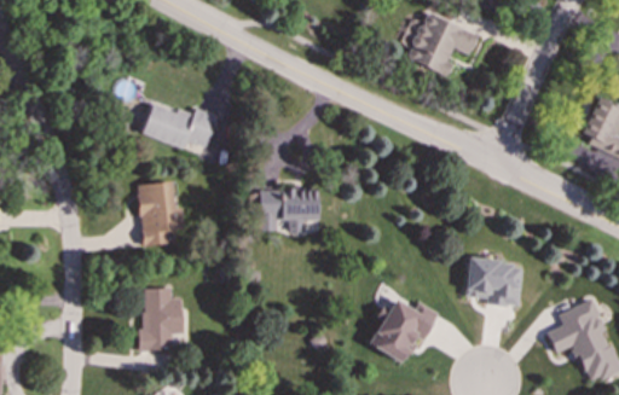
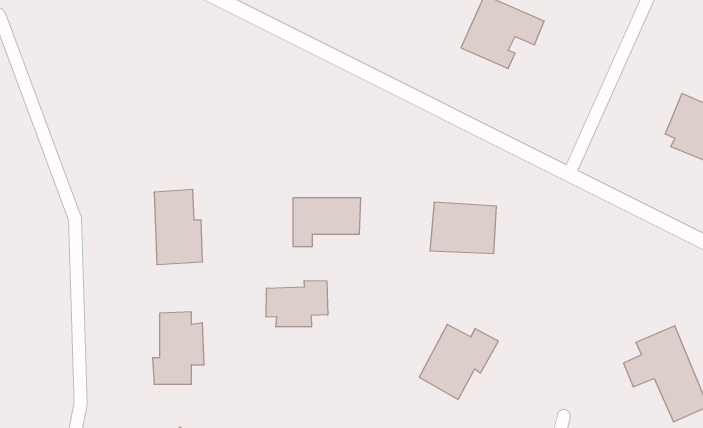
building: [141,103,216,155] -> none
building: [464,259,522,303] -> [430,202,497,254]
building: none -> [266,280,328,327]

